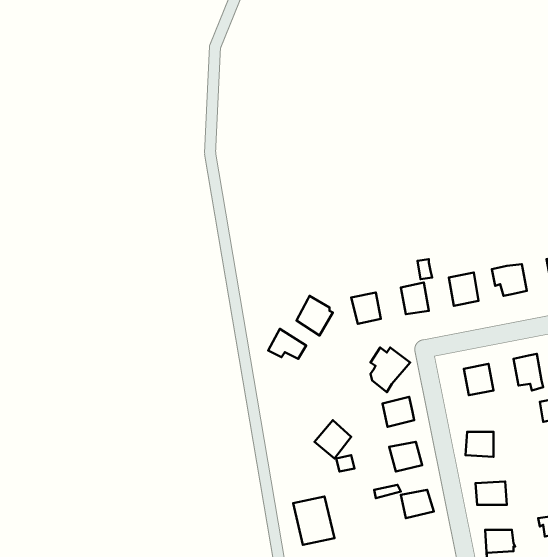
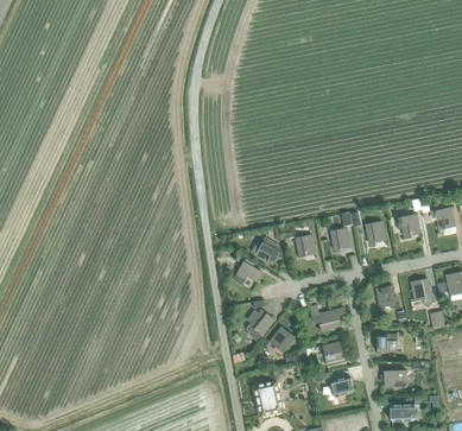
building: [370,347,410,392] -> [247,309,276,341]

